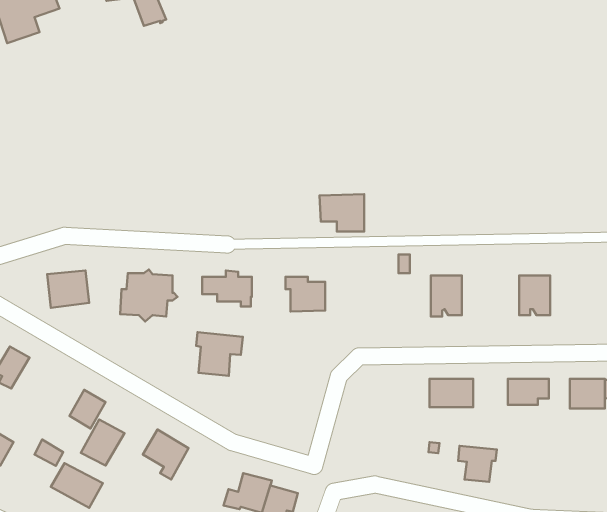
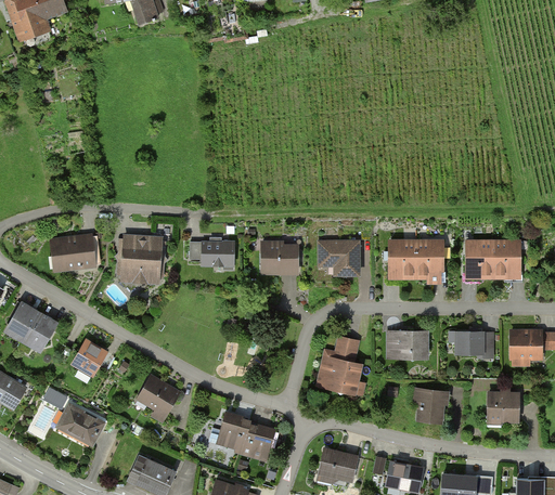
building: [320,194,364,231] -> [319,242,358,274]
building: none -> [416,242,446,283]
building: none -> [493,242,519,276]
building: [196,332,243,376] -> none
building: none -> [23,313,55,347]
building: none -> [318,338,360,393]
building: [81,419,124,466] -> none
building: none -> [488,389,518,420]

